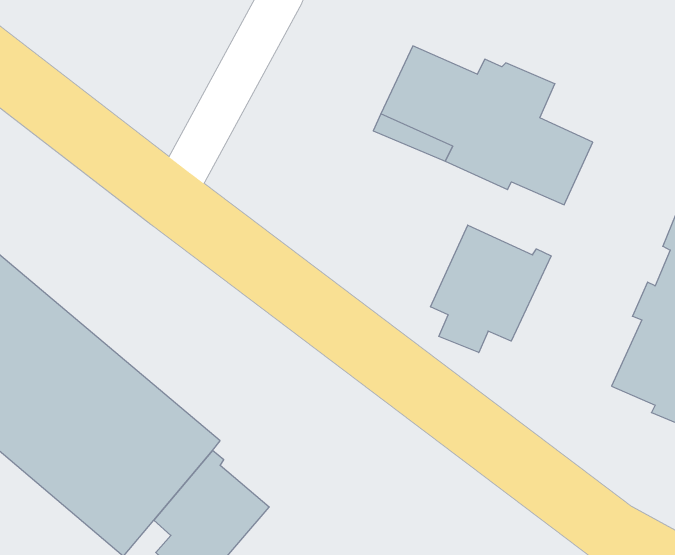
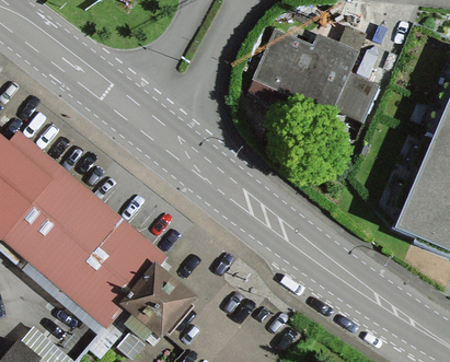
building: [431,225,551,353] -> none

